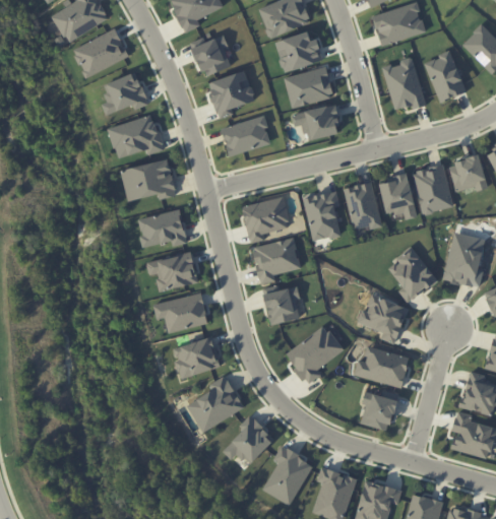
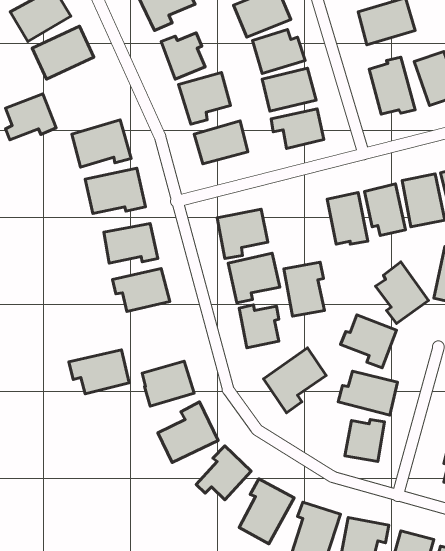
building: [103,72,149,115] -> [5,94,56,140]
building: [304,191,342,241] -> [284,262,324,316]
building: [153,293,209,333] -> [69,350,129,394]

